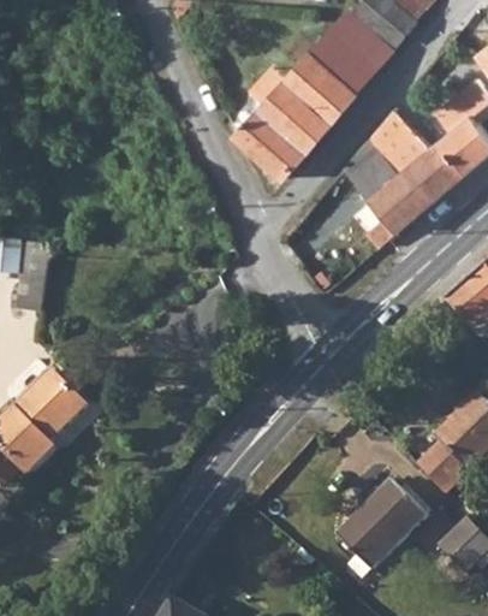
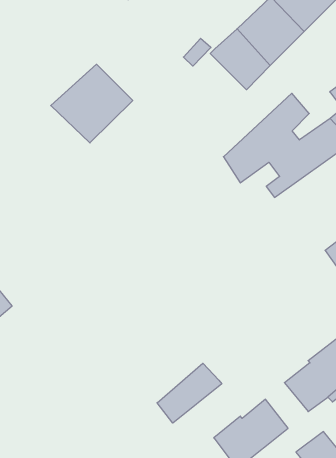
building: [240,79,337,173] -> [51,64,133,143]
building: none -> [157,363,222,423]

